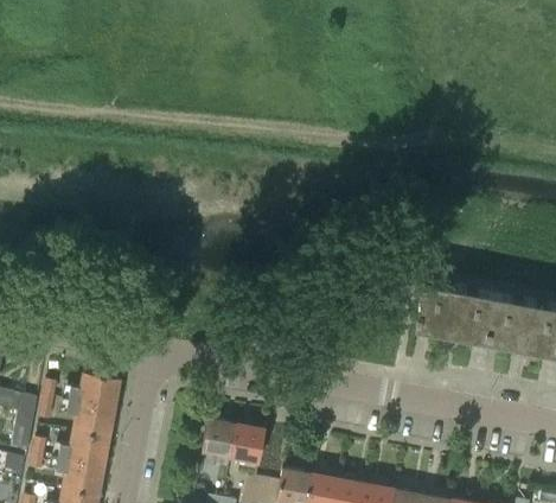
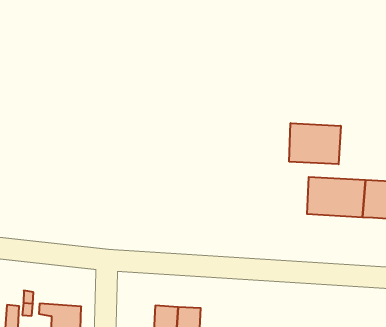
building: none -> [289,123,341,164]
building: [63,373,121,409] -> none

